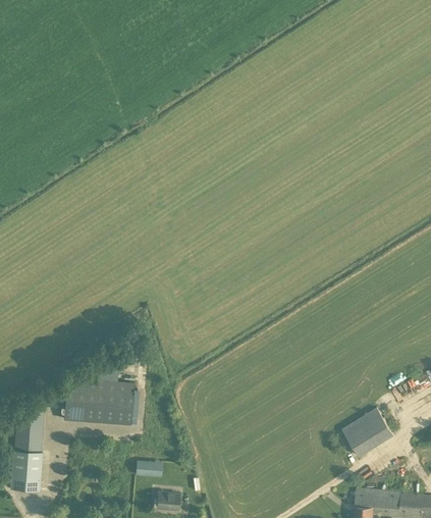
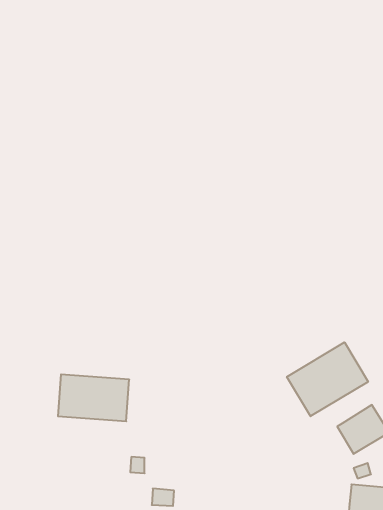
building: none -> [287,342,368,416]
building: [10,404,45,491] -> none

